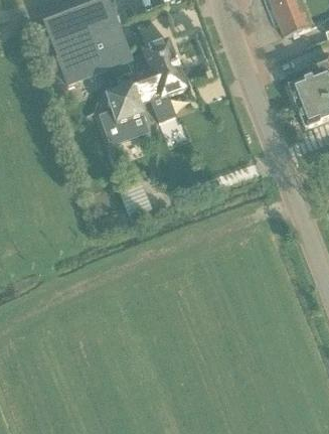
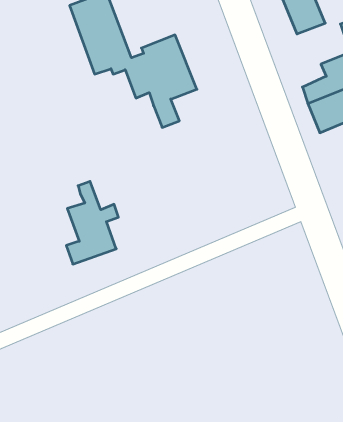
building: [43,8,97,83] -> none
building: [103,67,151,144] -> [66,181,118,264]

